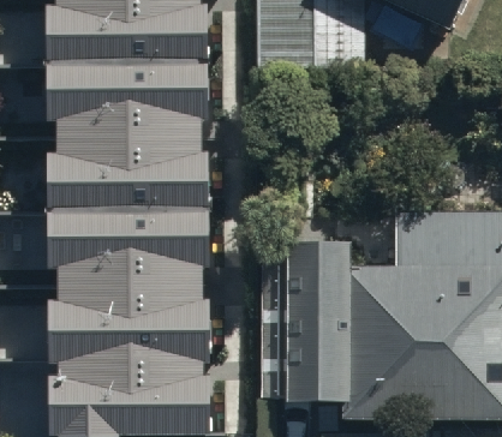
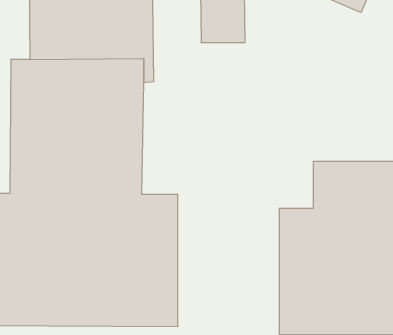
building: [257,246,346,407] -> none

